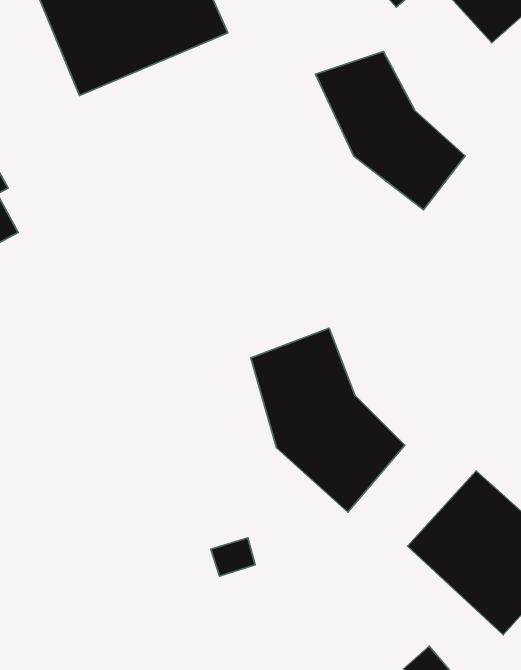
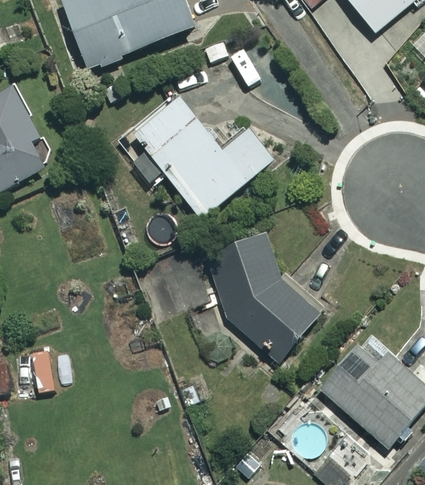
building: [315,52,465,210] -> none
building: none -> [134,99,274,218]

